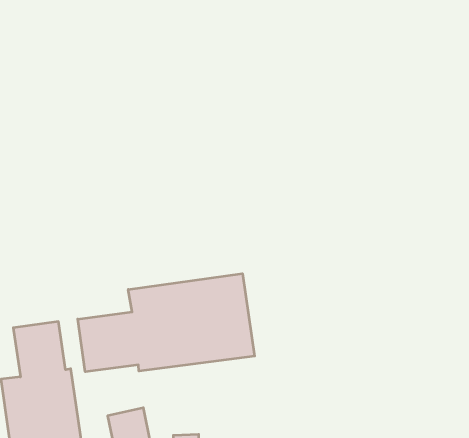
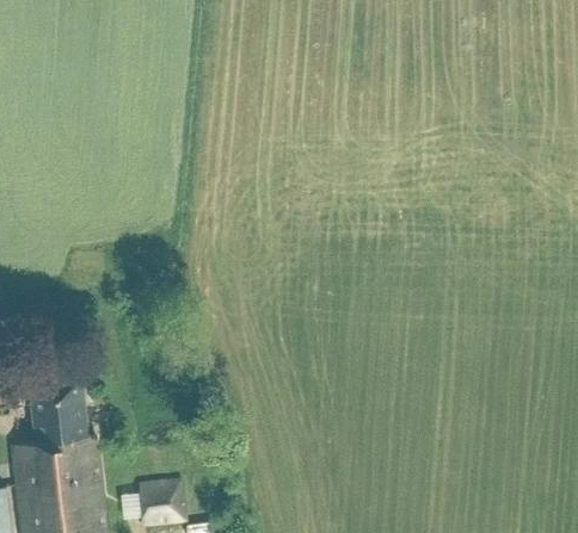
building: [78,274,255,372] -> none

